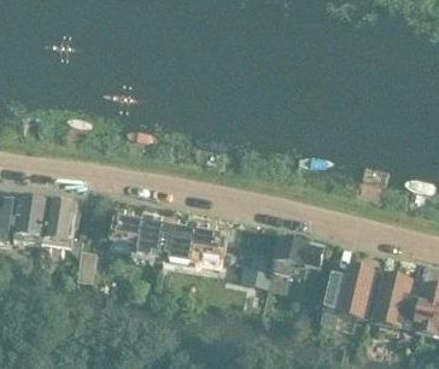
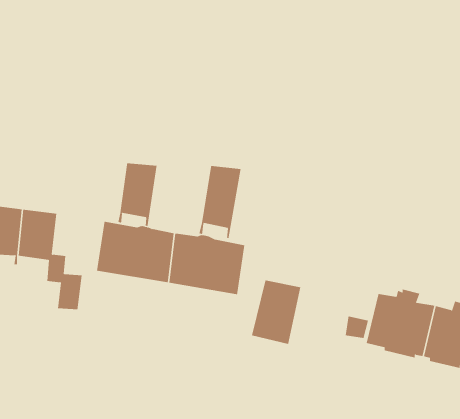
building: none -> [118,162,157,227]
building: none -> [199,165,241,239]
building: [267,234,328,295] -> none

